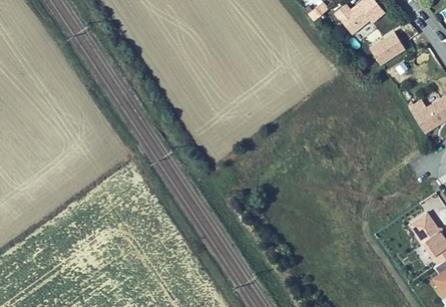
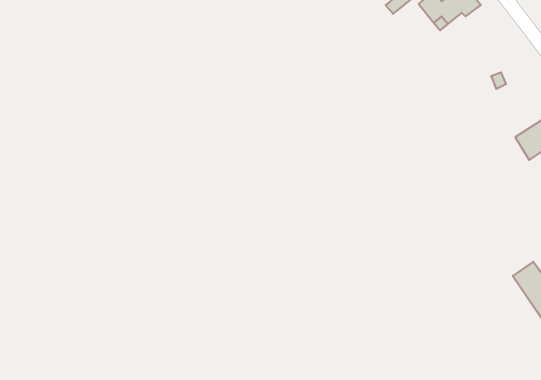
building: [369,32,406,66] -> none

